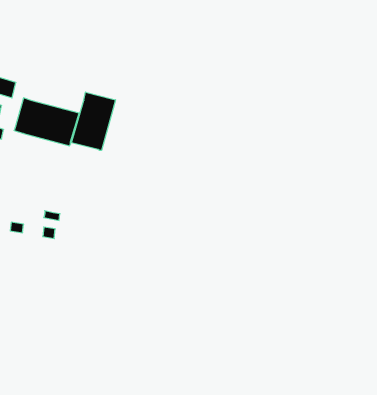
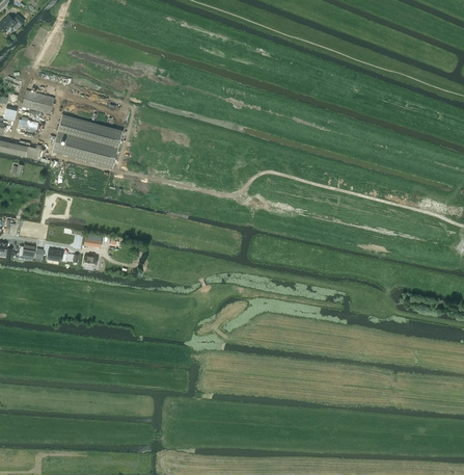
building: [72,92,115,150] -> none

